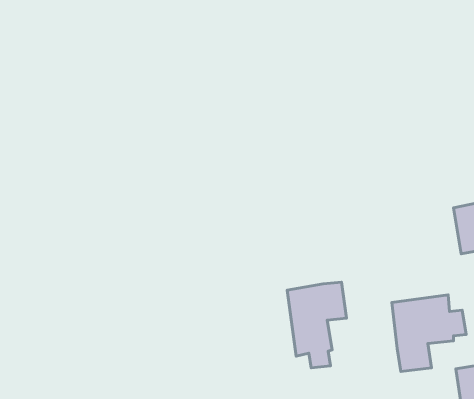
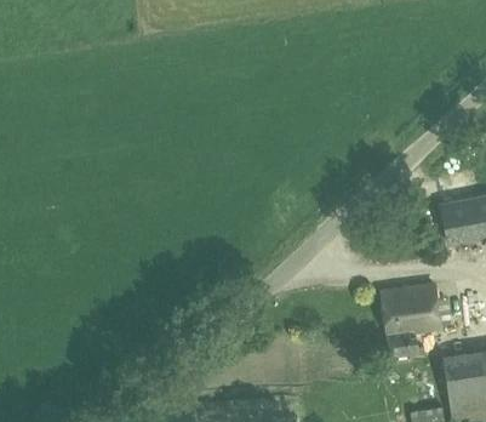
building: [287,282,347,368] -> none

